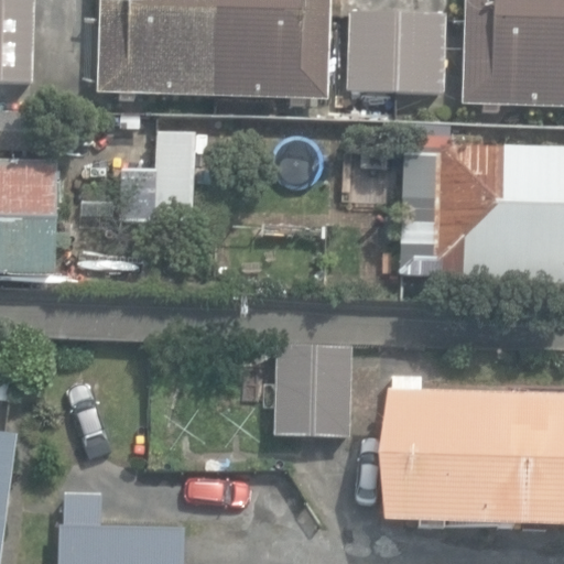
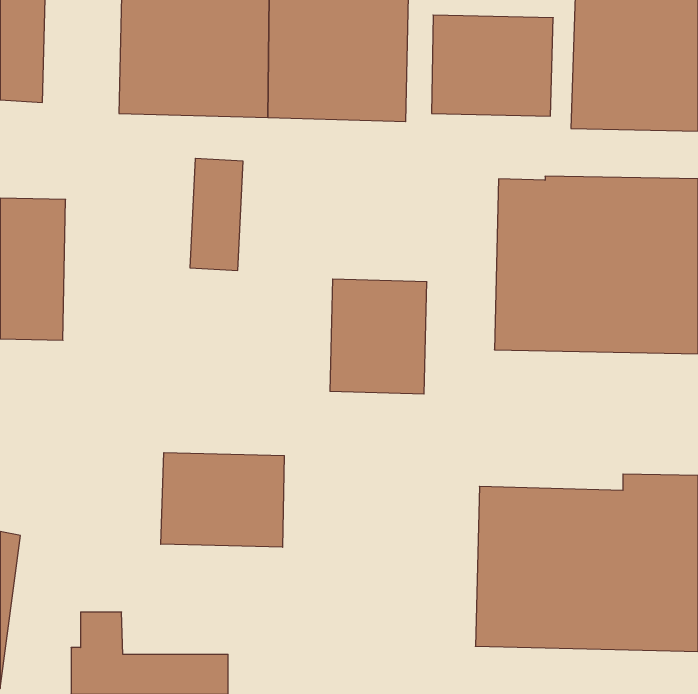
building: [274,344,352,436] -> [330,279,427,394]
building: none -> [161,453,284,547]

